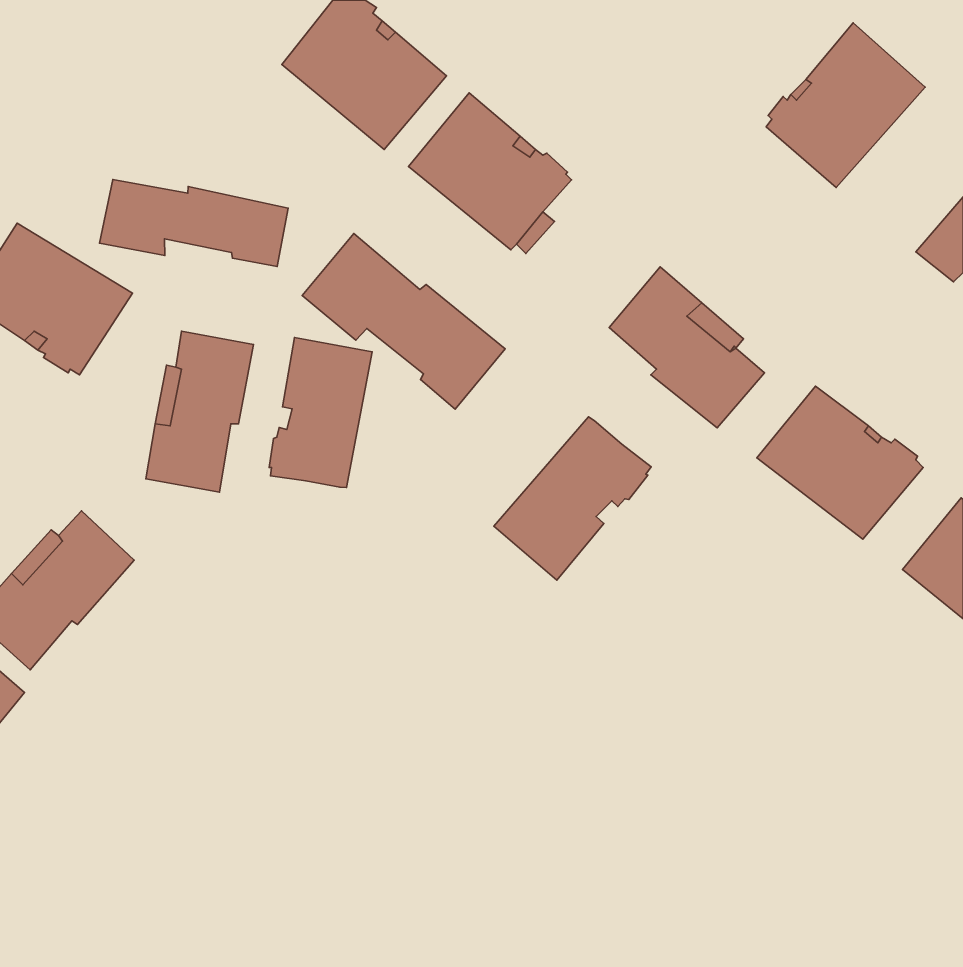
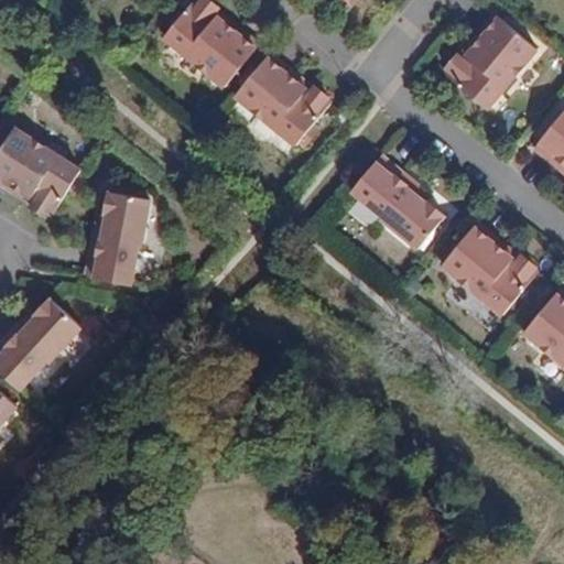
building: [100,179,288,267] -> none
building: [302,234,505,409] -> none
building: [269,337,372,488] -> none
building: [494,417,651,580] -> none

